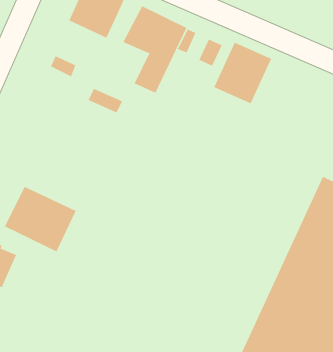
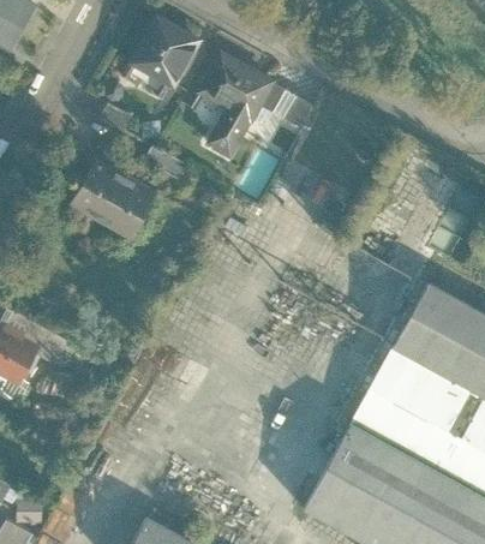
building: [213,42,272,104] -> none
building: [4,186,76,252] -> [64,159,155,244]

